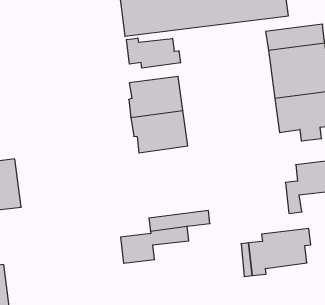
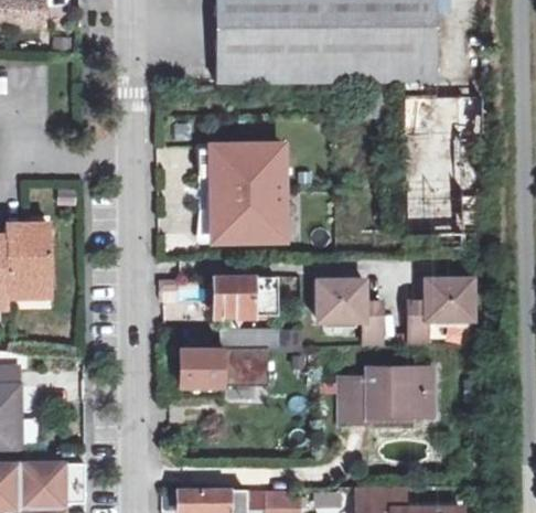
building: [126,38,180,68] -> none
building: none -> [315,281,380,344]
building: none -> [214,277,275,314]

